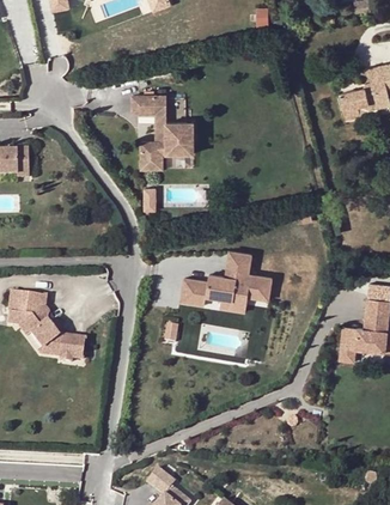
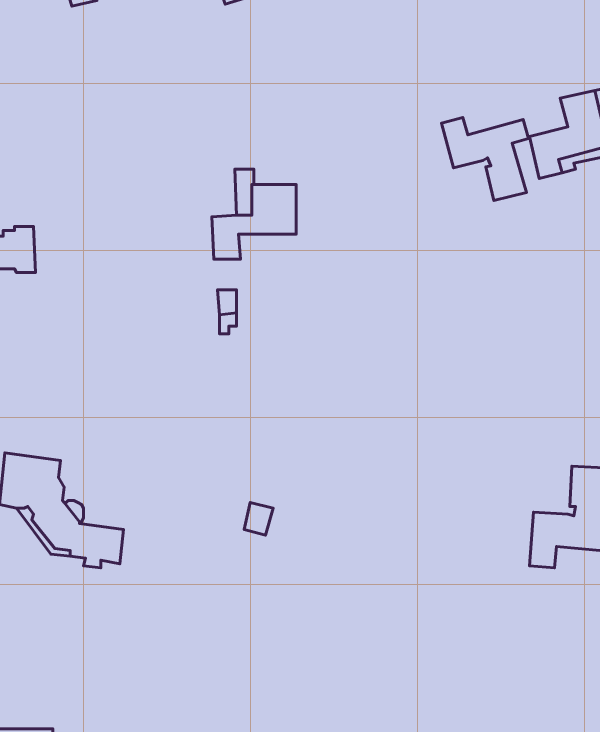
building: none -> [442,117,528,200]
building: [138,95,167,114] -> none
building: [173,248,268,311] -> none

